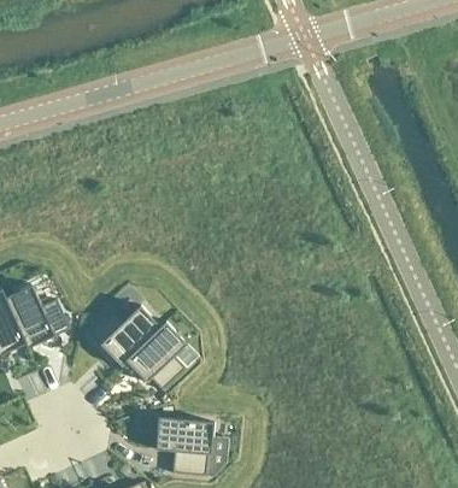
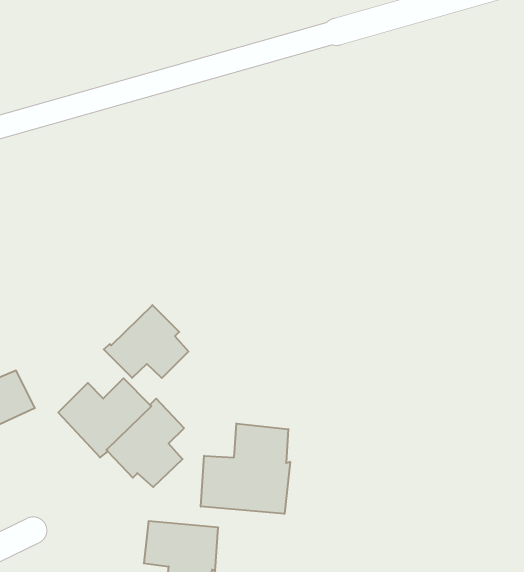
building: none -> [104,305,188,378]
building: none -> [201,423,290,514]

